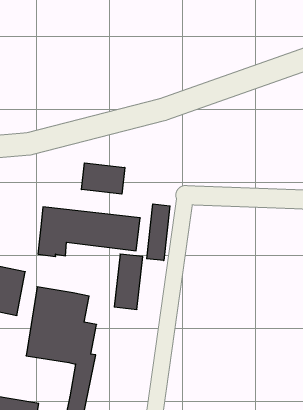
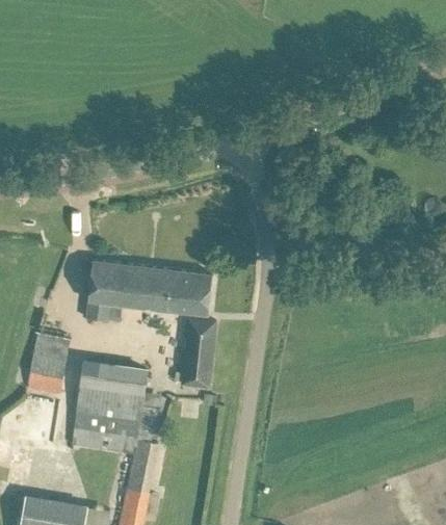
building: [81,163,125,194] -> none
building: [147,204,170,261] -> none

